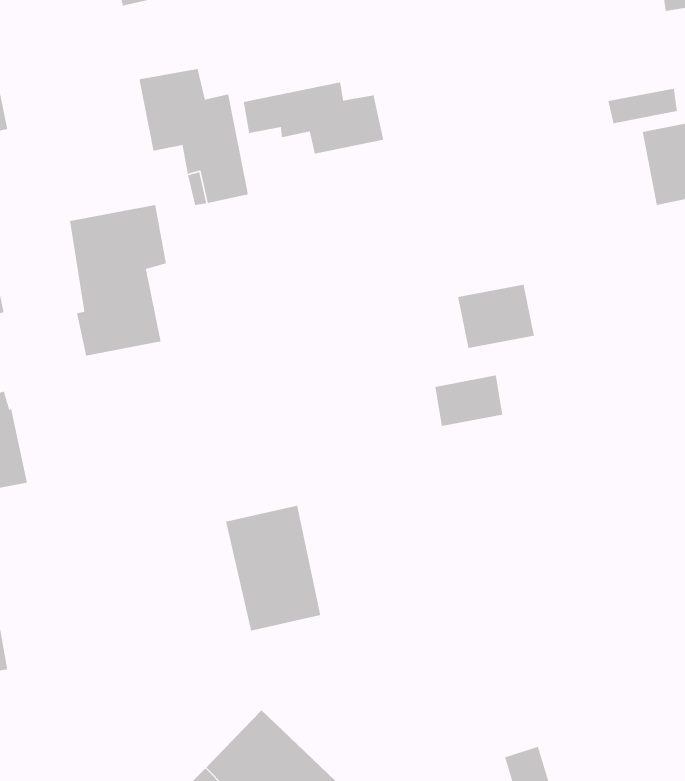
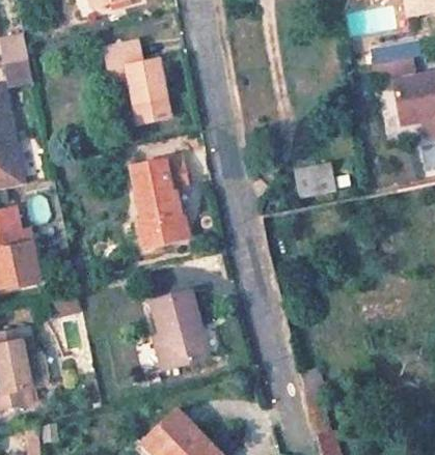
building: [243,81,384,154] -> none
building: [69,204,167,356] -> [132,157,188,244]
building: [434,375,503,427] -> none

